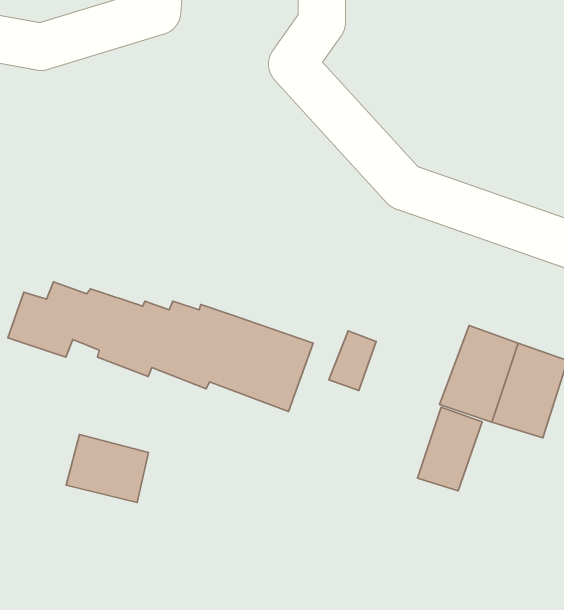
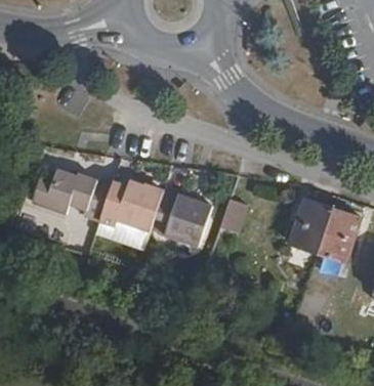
building: [417,407,482,491] -> none
building: [66,435,148,503] -> none

